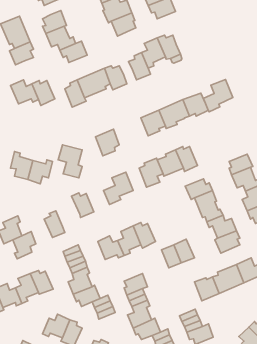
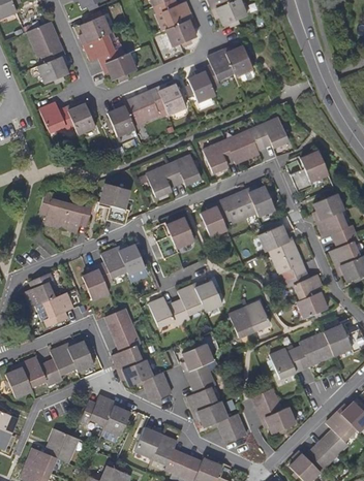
building: [203,80,233,112] -> [291,152,328,192]
building: none -> [169,155,200,185]
building: none -> [96,248,126,286]

